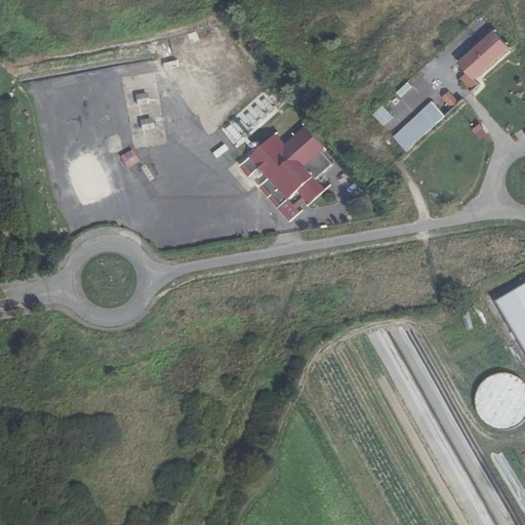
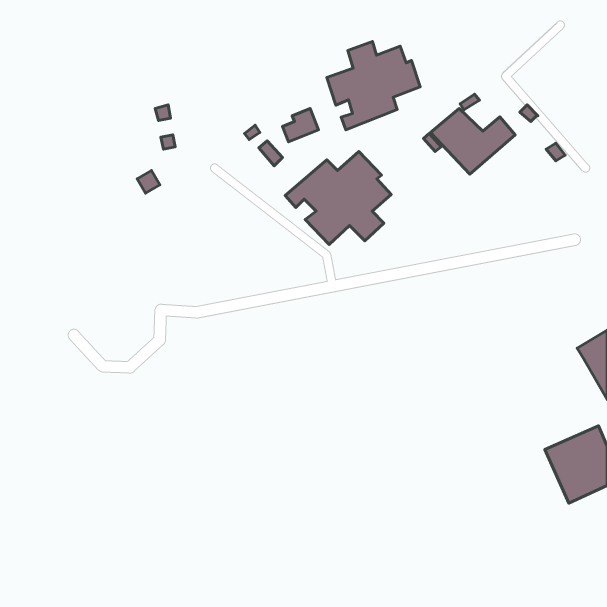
building: [458,30,510,92] -> none
building: none -> [327,42,420,130]

